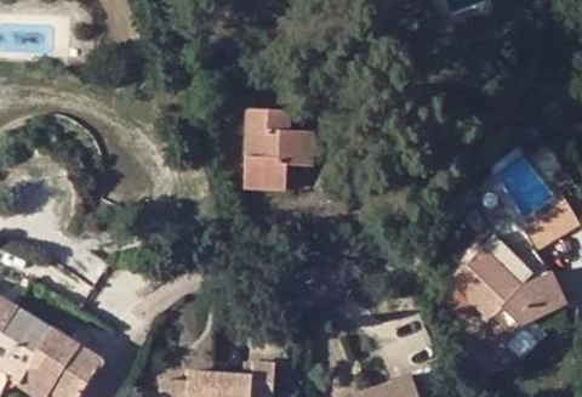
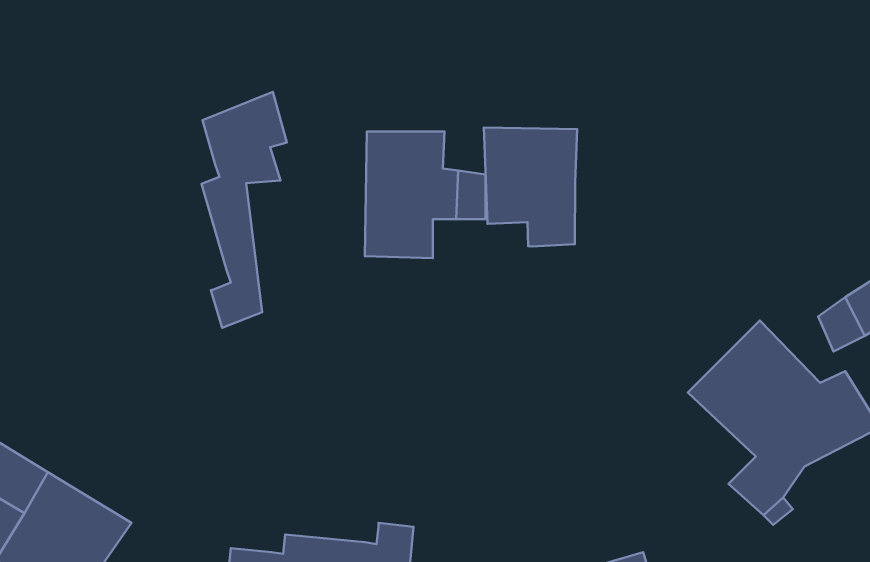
building: none -> [202,92,287,328]
building: none -> [484,128,577,246]

